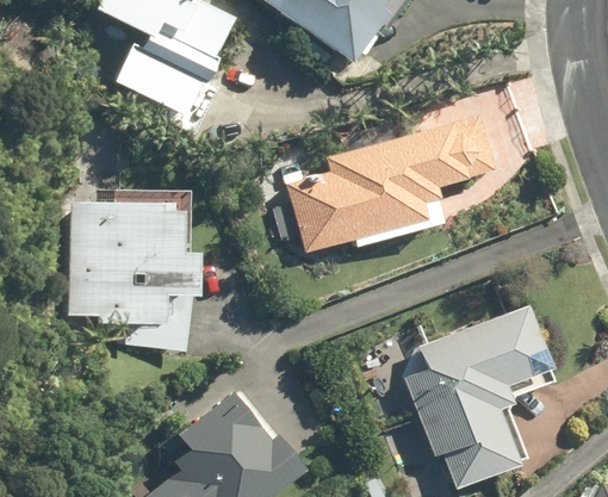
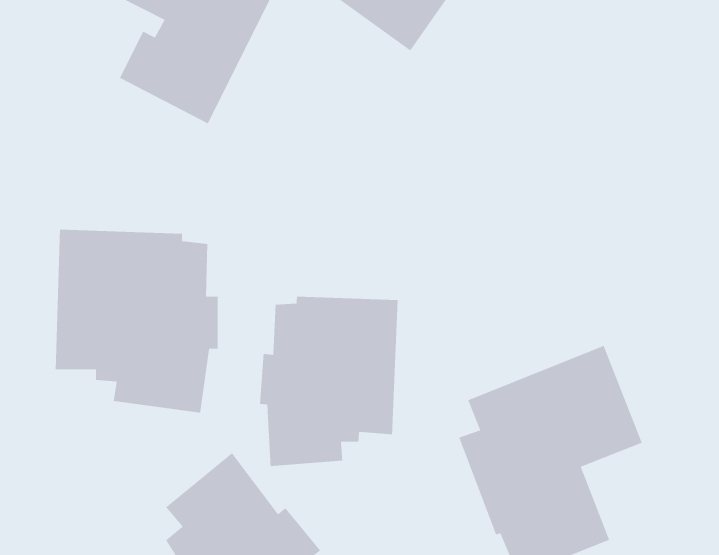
building: [291,116,501,254] -> none
building: none -> [259,296,398,467]

